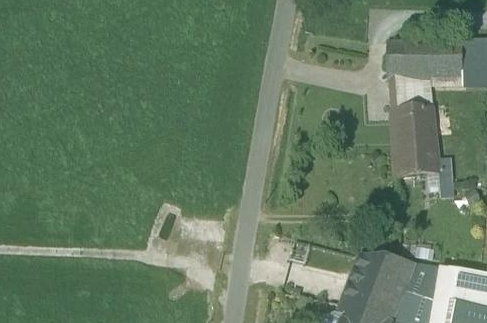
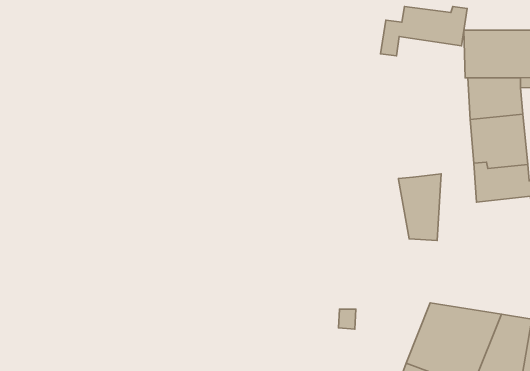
building: none -> [381,6,467,56]
building: none -> [398,174,441,240]

